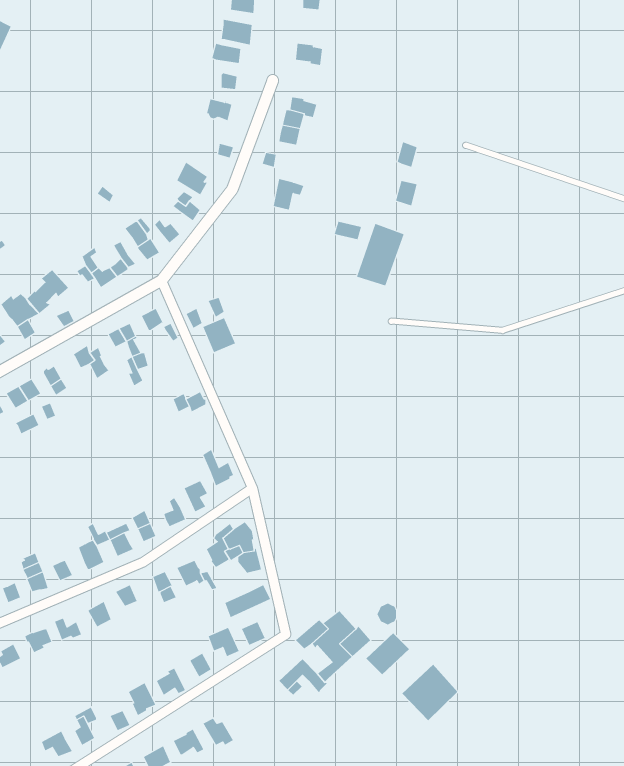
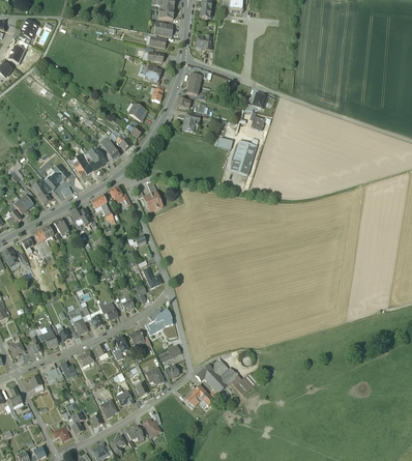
building: [401,664,458,721] -> none

